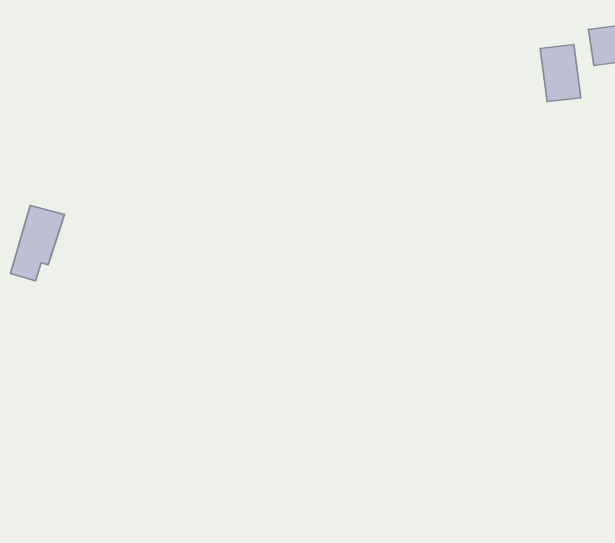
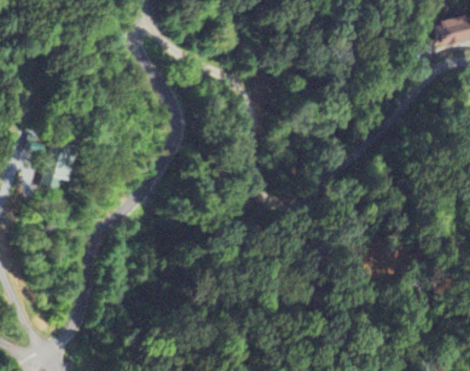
building: [540,44,581,102] -> none

